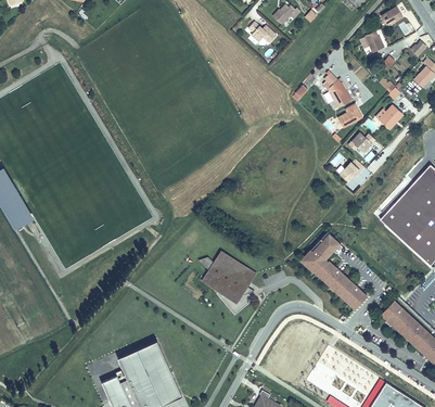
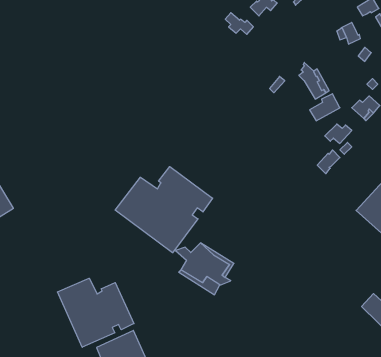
building: none -> [115,167,213,253]
building: [303,237,367,308] -> none
building: none -> [57,278,134,347]

